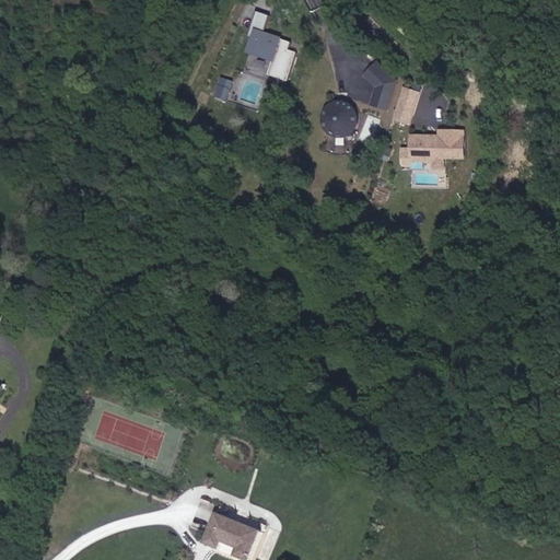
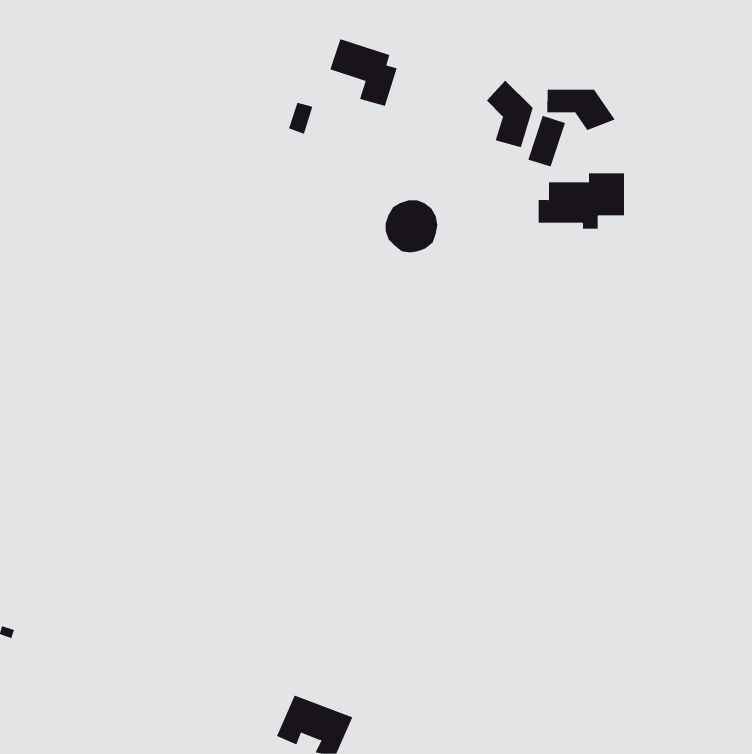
building: none -> [547,89,616,131]
building: [316,100,355,139] -> [385,200,438,253]

